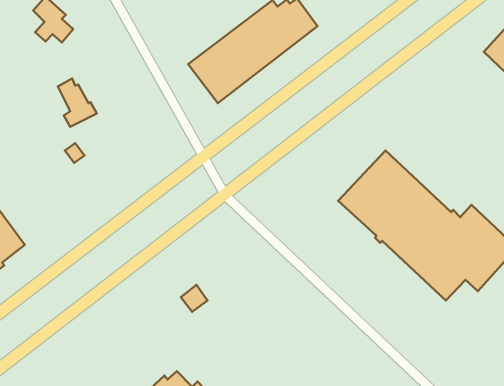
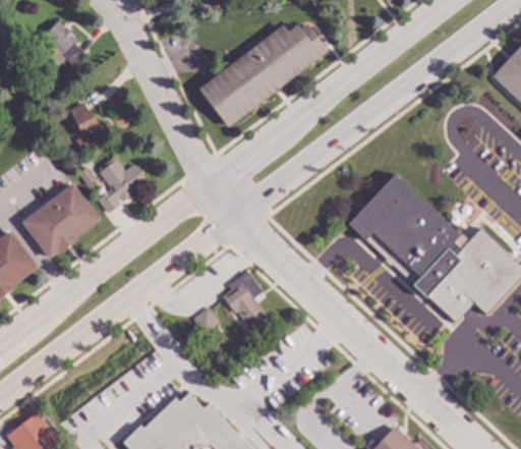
building: none -> [98,161,147,214]
building: none -> [21,183,101,259]
building: none -> [223,273,270,333]

